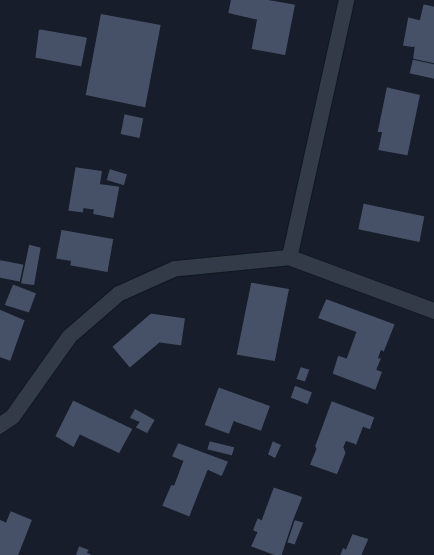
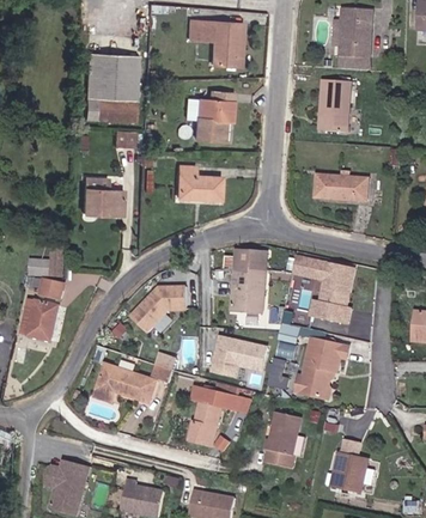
building: [35,29,87,67] -> none
building: none -> [191,91,231,140]
building: none -> [174,165,218,199]
building: [55,229,114,273] -> none

